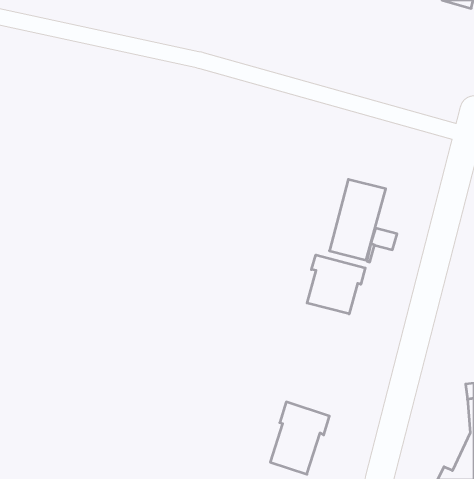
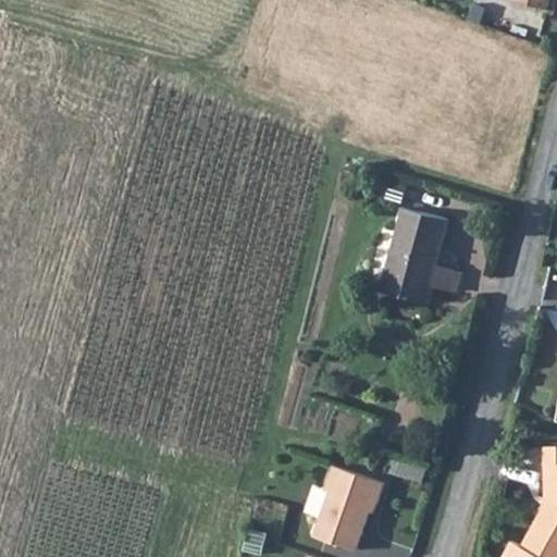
building: [307,255,365,314] -> none

